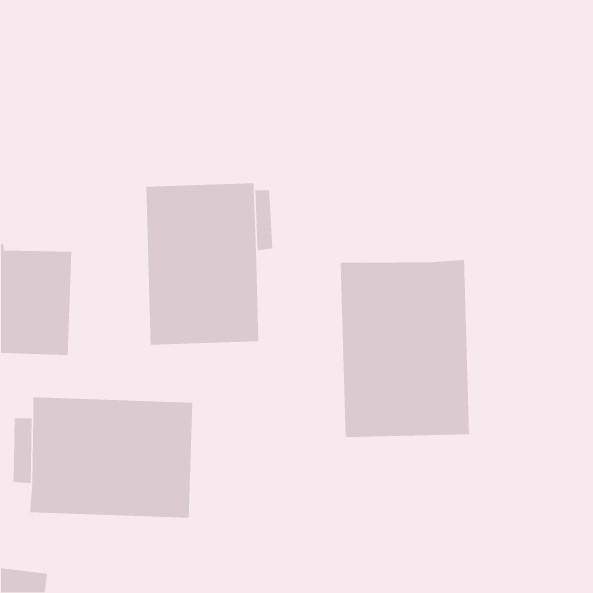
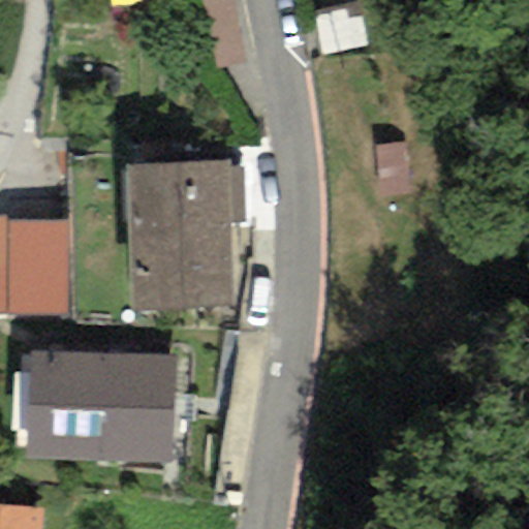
building: [340,259,470,438] -> none

